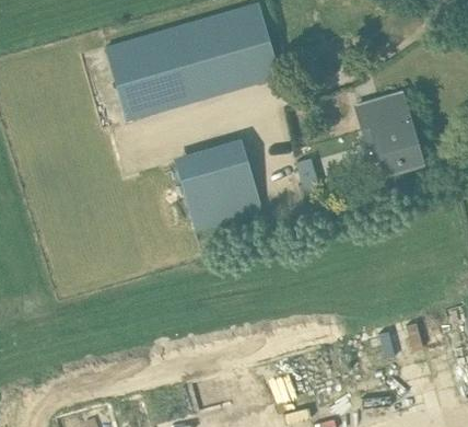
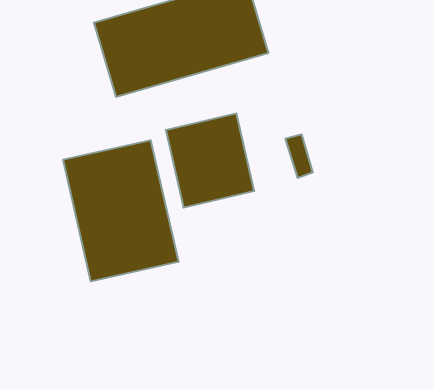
building: [356,94,422,175] -> none
building: none -> [63,140,178,281]

